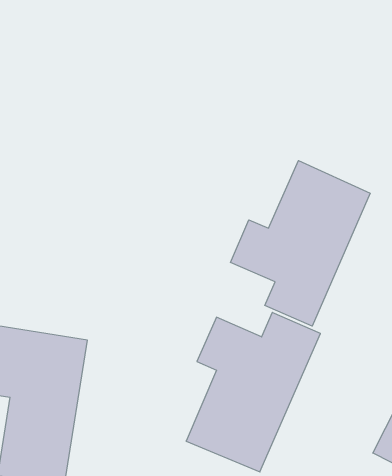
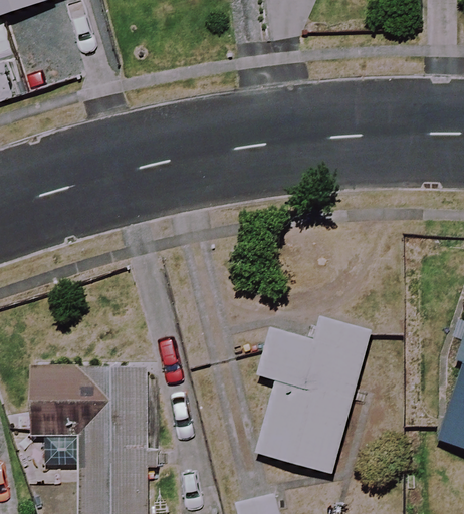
building: [231,161,370,326] -> none

